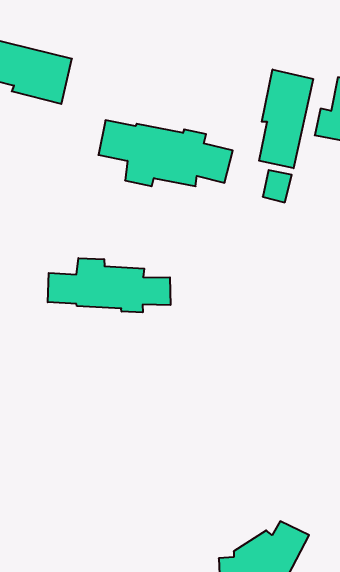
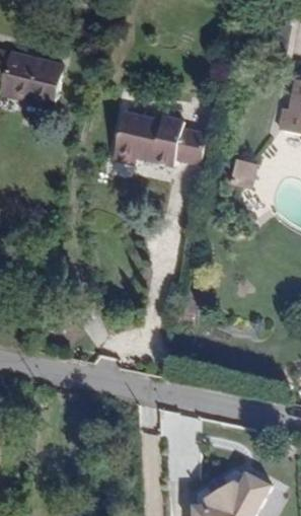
building: [259,69,313,168] -> none
building: [48,258,170,312] -> none

